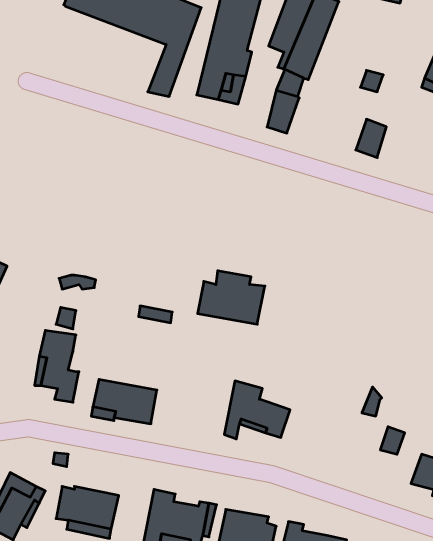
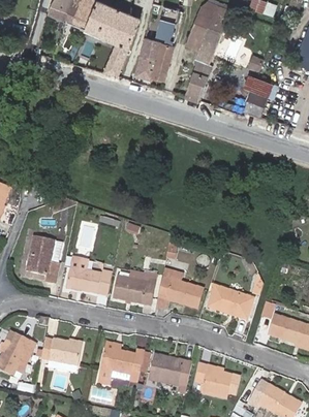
building: none -> [243,73,274,96]
building: [198,271,265,324] -> [113,268,158,304]
building: none -> [210,287,252,321]

